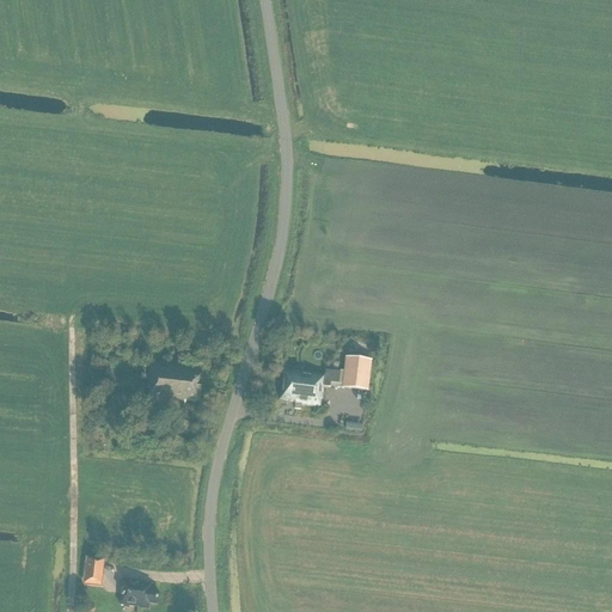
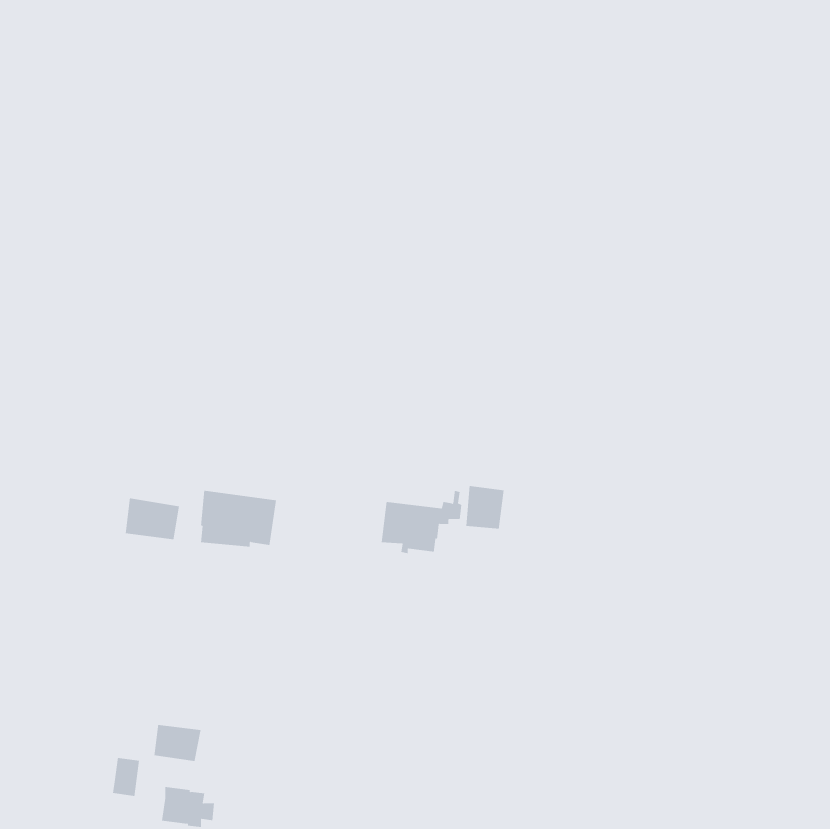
building: none -> [125,497,180,540]
building: none -> [154,724,201,762]

